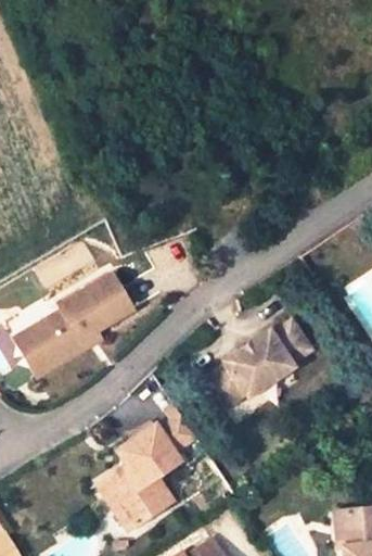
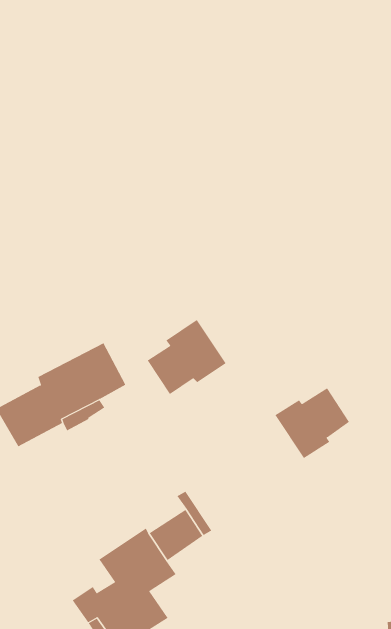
building: [207,343,272,405] -> [147,319,226,395]

